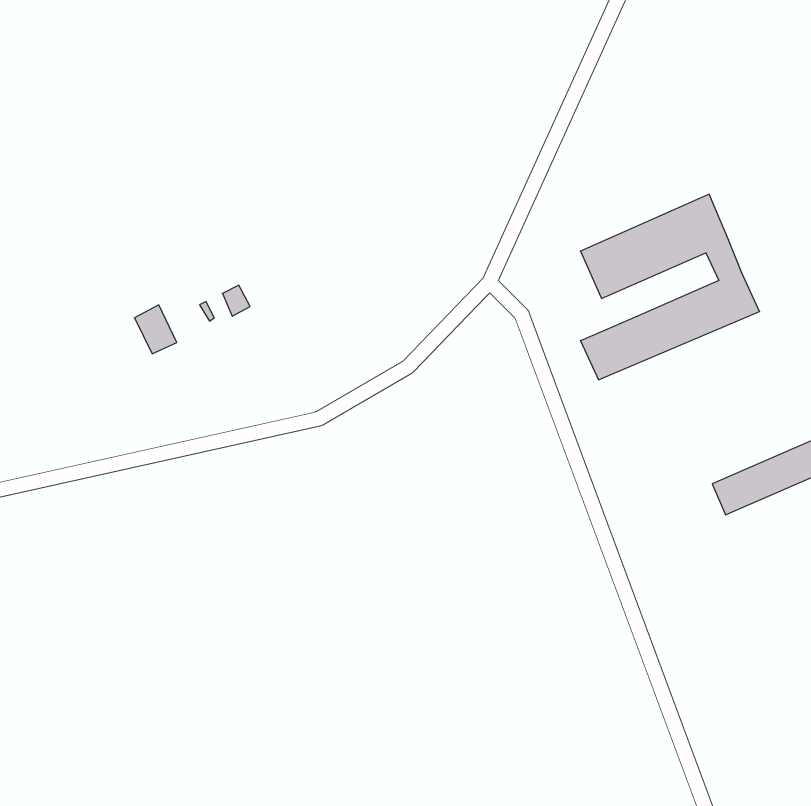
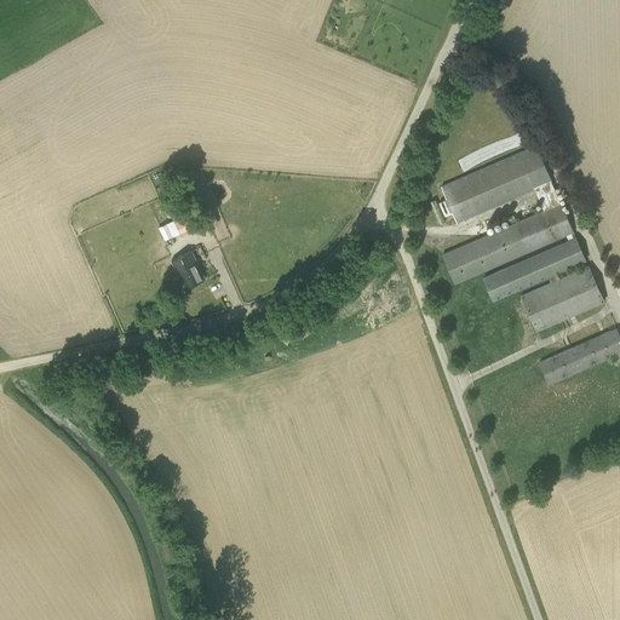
building: [134,305,177,354] -> [172,252,203,288]
building: none -> [481,239,603,332]

